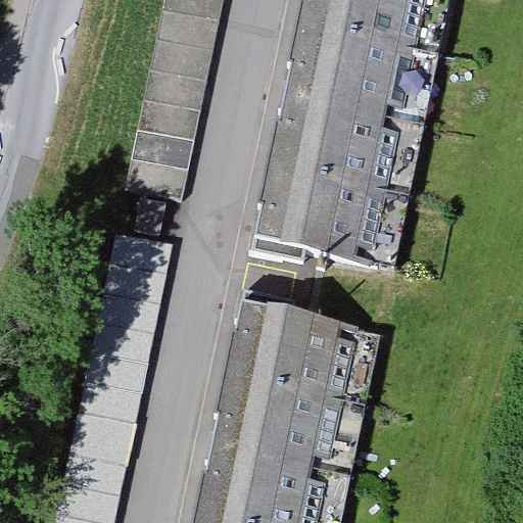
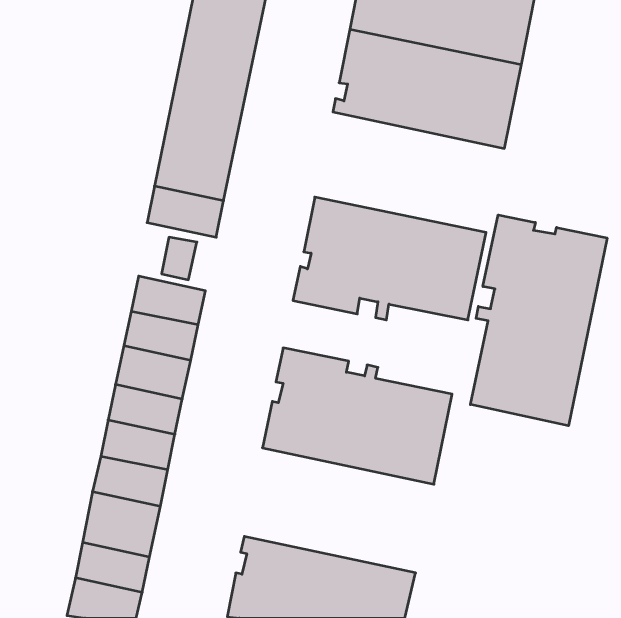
building: [265,94,424,195] -> none
building: none -> [470,215,607,426]
building: [205,376,365,481] -> none

